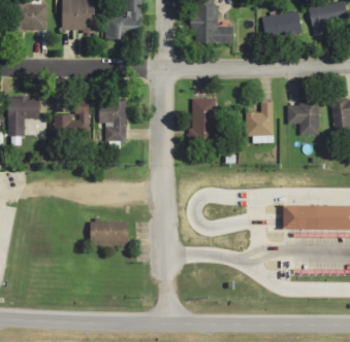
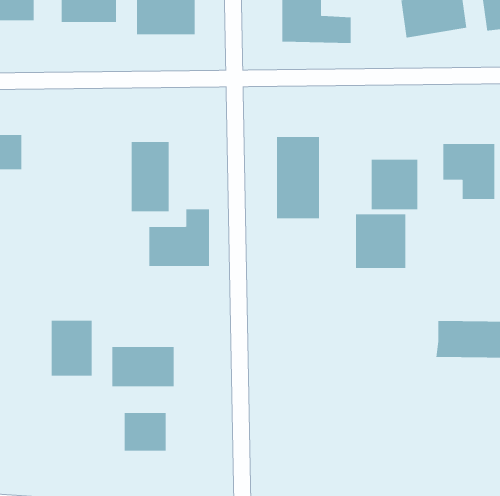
building: [53,104,89,138] -> [149,209,210,267]
building: none -> [356,213,406,269]
building: none -> [51,320,92,377]
building: none -> [124,412,166,452]

